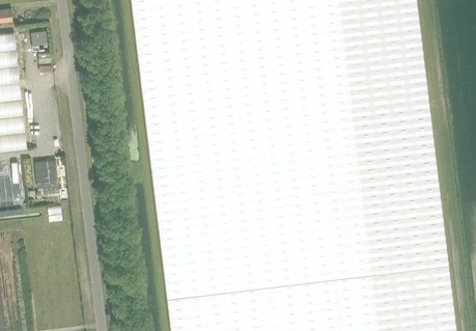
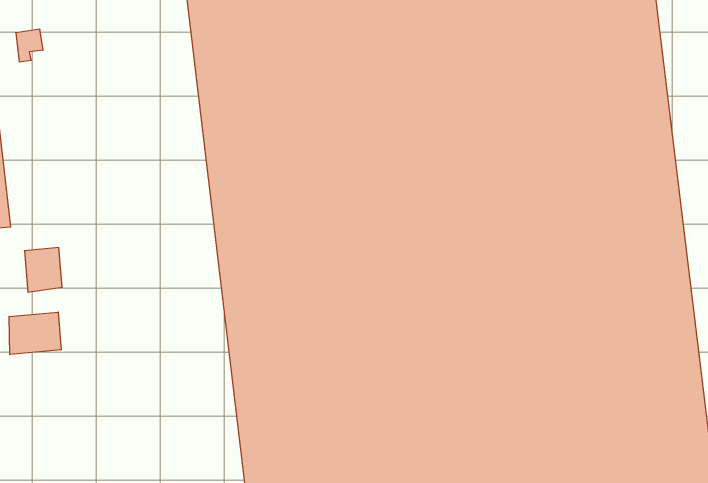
building: none -> [9,312,61,355]

